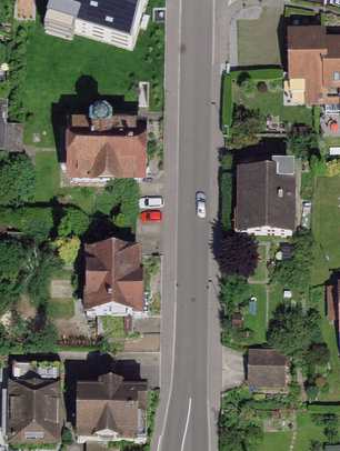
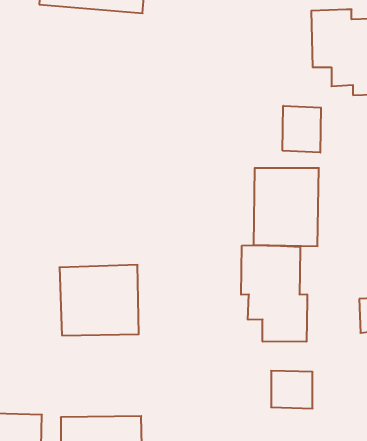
building: none -> [283,106,321,153]
building: [56,123,140,181] -> none
building: none -> [241,245,307,342]

